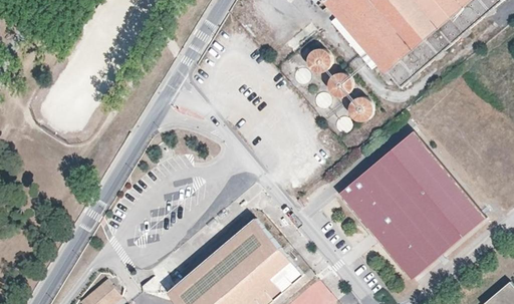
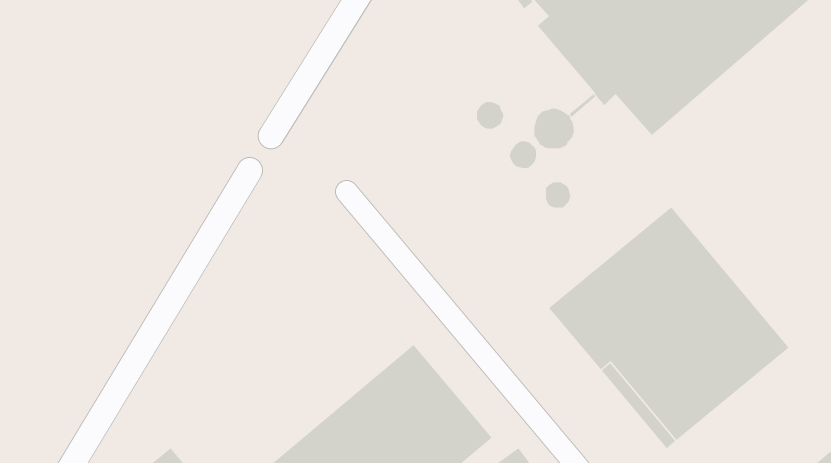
building: [308,47,332,71] -> none
building: [349,96,374,121] -> none

